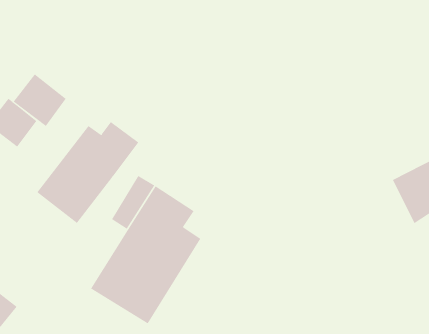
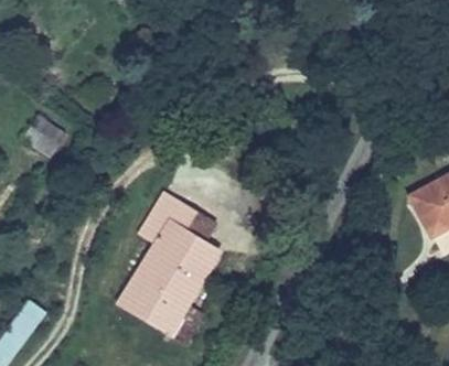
building: [13,73,66,127] -> none
building: [36,121,139,224] -> none

